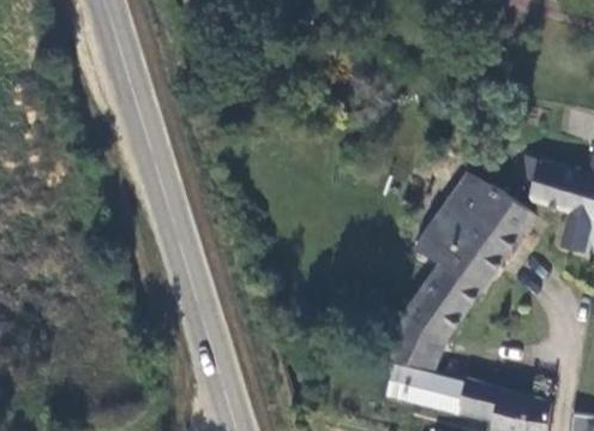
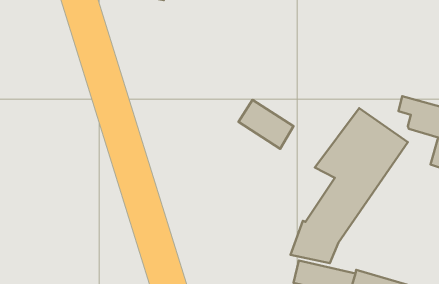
building: none -> [239,100,294,149]

